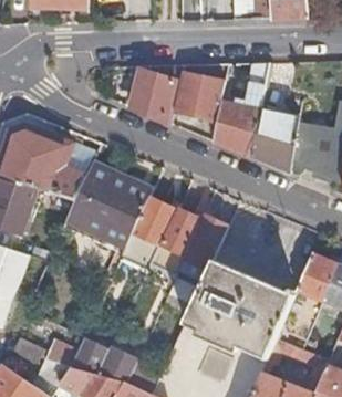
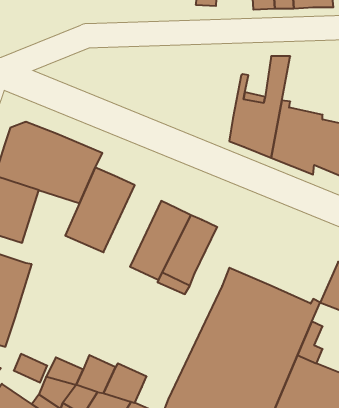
building: [131,69,175,121] -> none
building: [174,72,224,119] -> none
building: [96,181,151,254] -> none
building: [180,215,228,274] -> none

